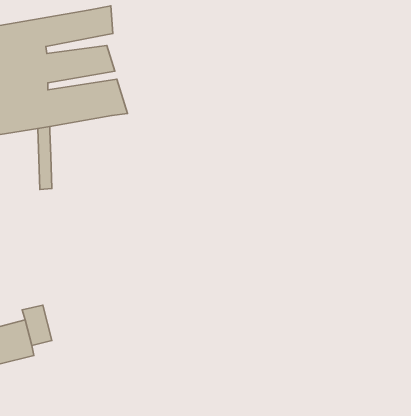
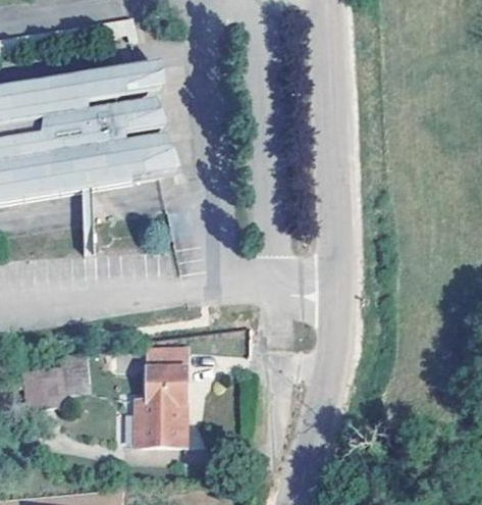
building: none -> [135,348,191,452]

